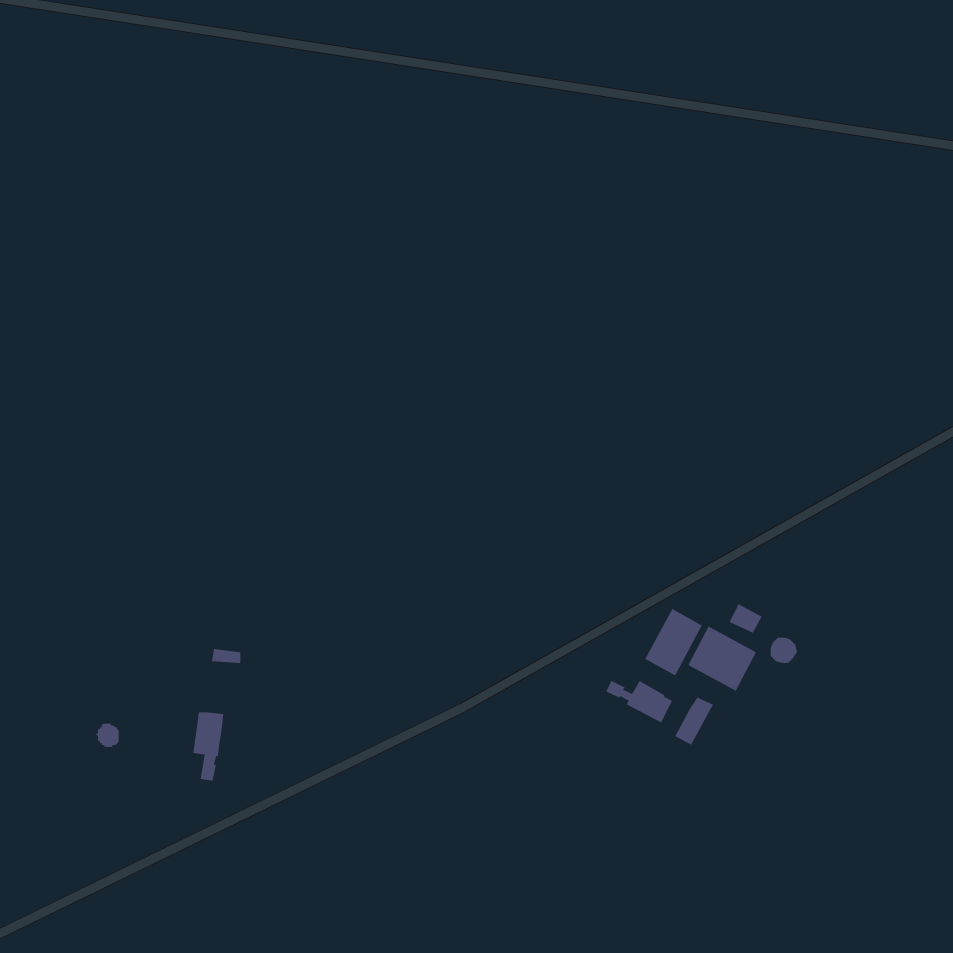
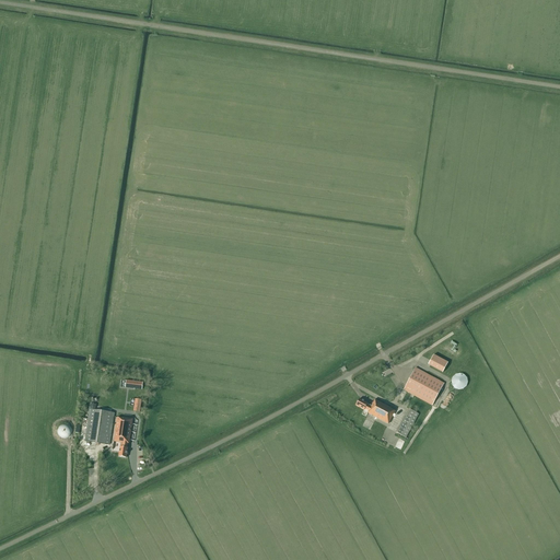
building: [645,608,702,676] -> none
building: none -> [83,408,113,444]

